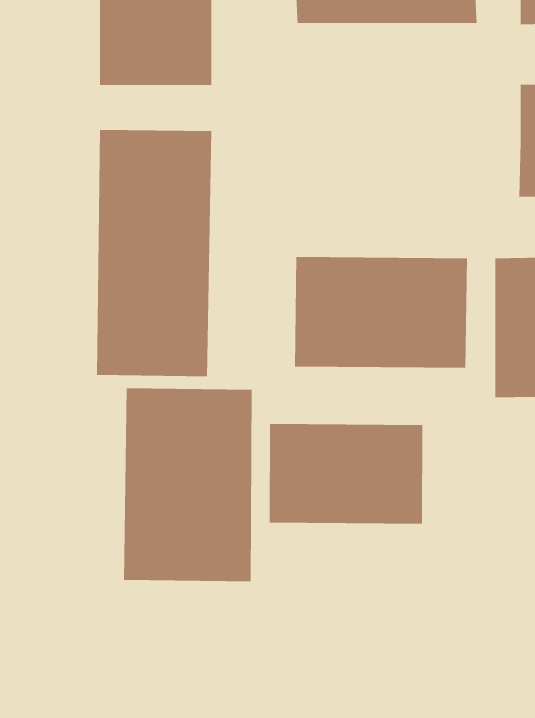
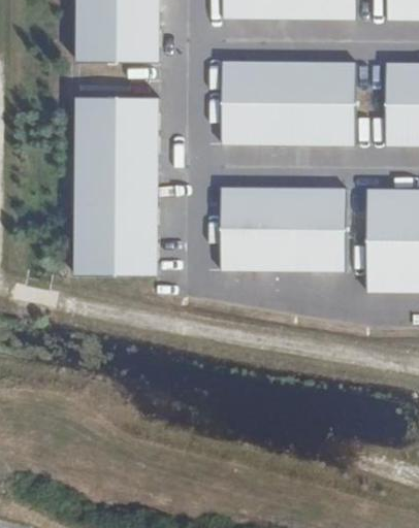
building: none -> [221,61,356,143]
building: [124,388,252,582] -> none
building: [269,423,423,524] -> none

